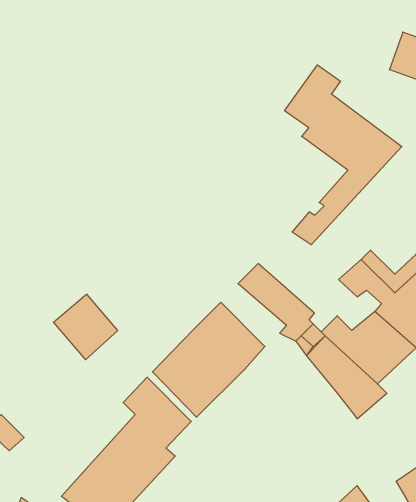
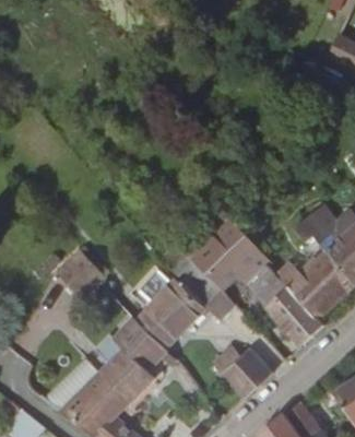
building: [285,65,402,245] -> none
building: none -> [190,236,244,287]
building: none -> [212,345,272,399]

